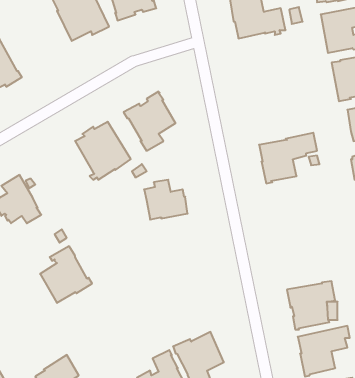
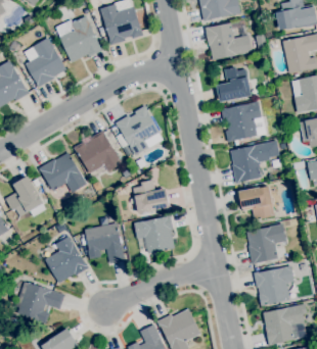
building: none -> [25,38,66,88]
building: none -> [217,66,252,102]
building: none -> [221,101,262,145]
building: none -> [39,152,87,193]
building: none -> [238,186,275,219]
building: none -> [134,214,175,253]
building: none -> [82,216,126,263]
building: none -> [246,223,286,264]
building: none -> [15,282,65,325]

